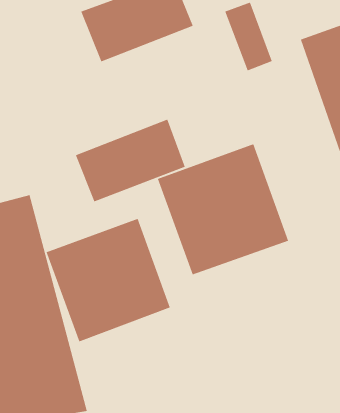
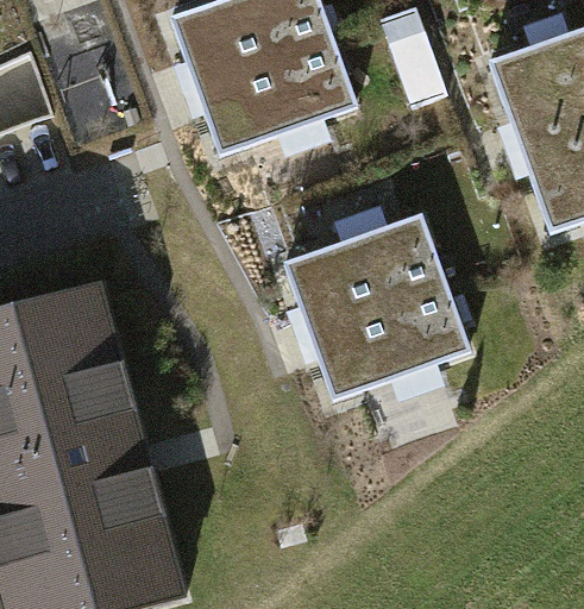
building: [75,119,186,203] -> [202,40,363,162]
building: [45,218,171,342] -> none

